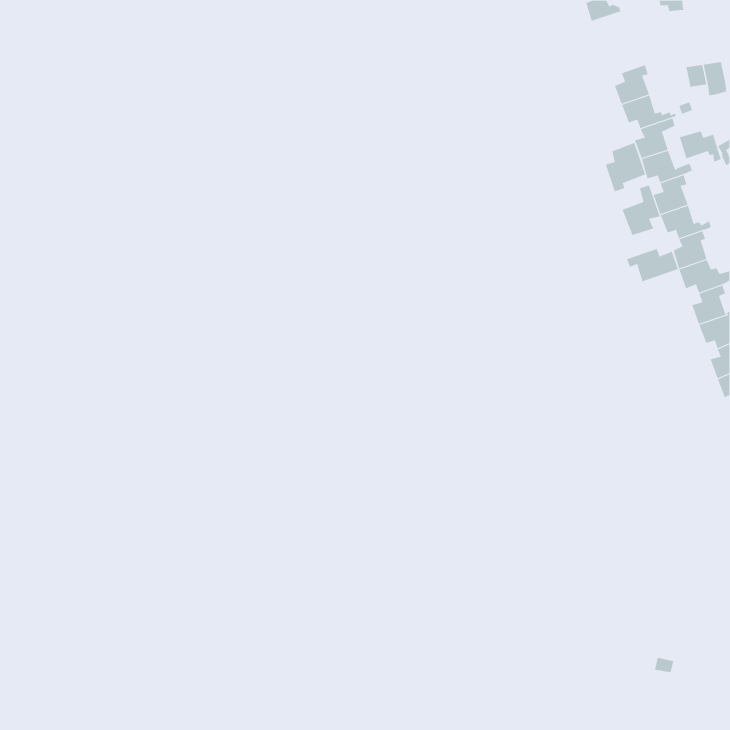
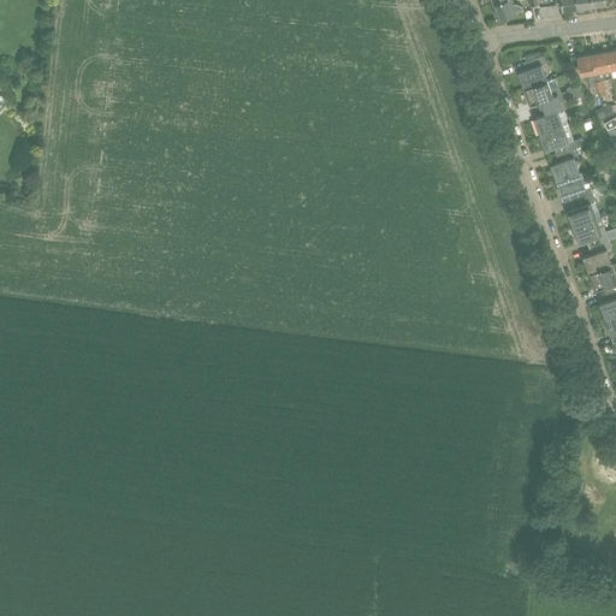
building: [679,130,721,163] -> none
building: [605,142,646,192] -> none
building: [622,184,660,236] -> none
building: [626,248,679,282] -> none

